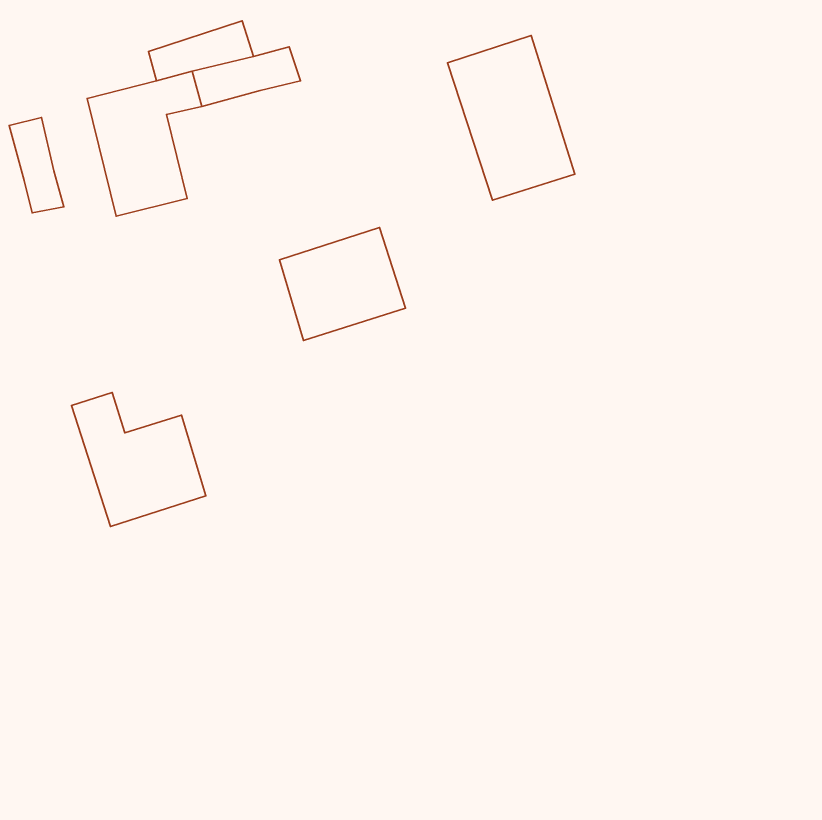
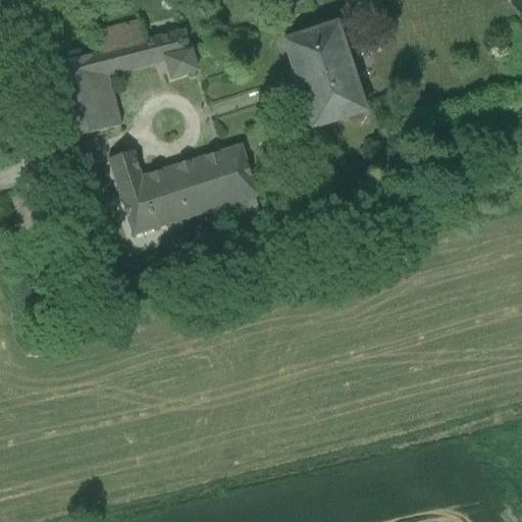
building: none -> [166,51,198,77]
building: [9,118,64,213] -> none
building: [72,393,206,527] -> [109,150,194,234]

